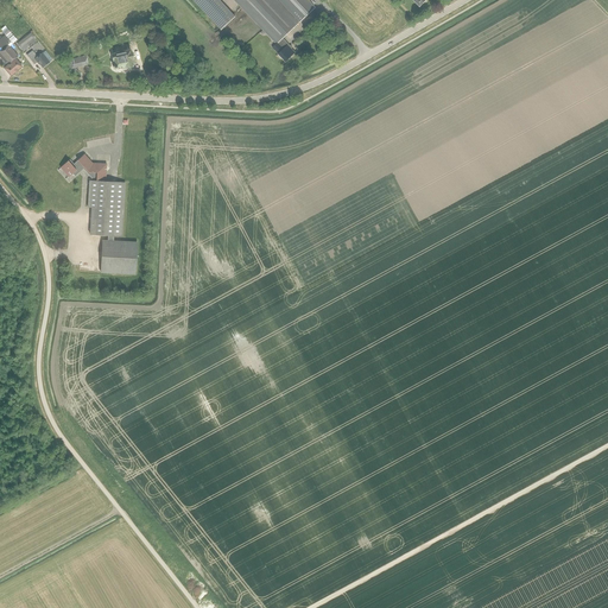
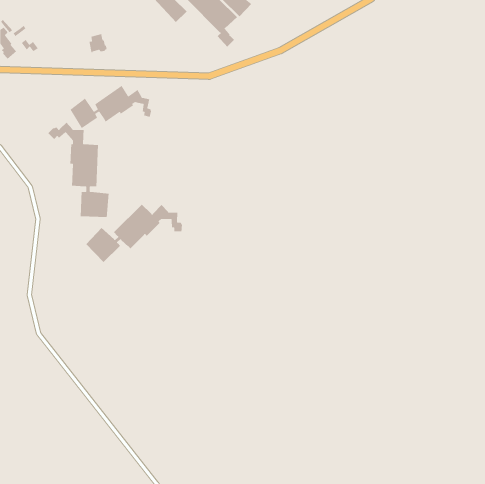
building: none -> [70,85,152,129]
building: none -> [85,204,183,263]

